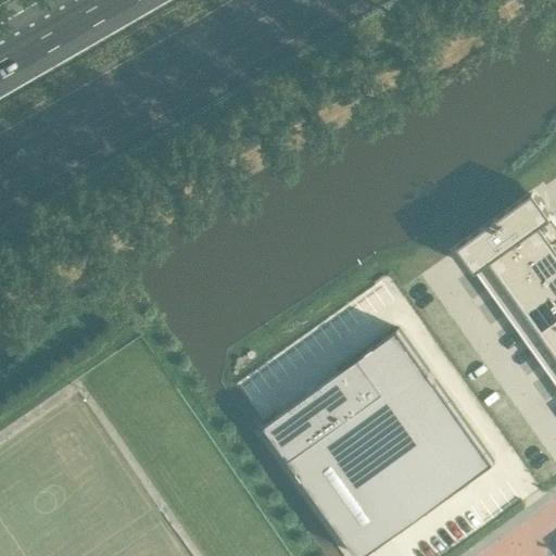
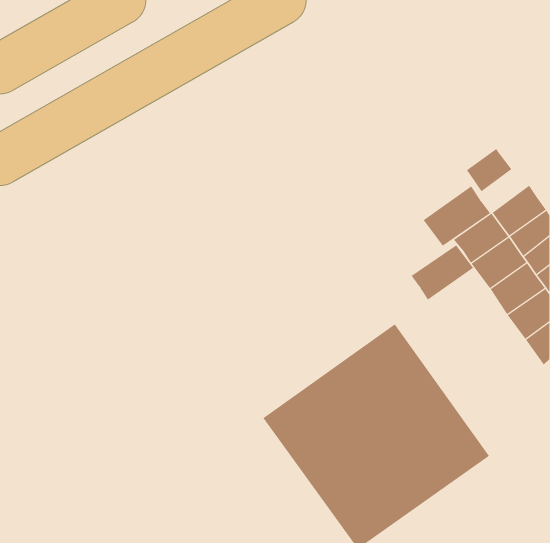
building: none -> [466,148,512,192]
building: none -> [423,186,491,247]
building: none -> [411,244,474,300]

